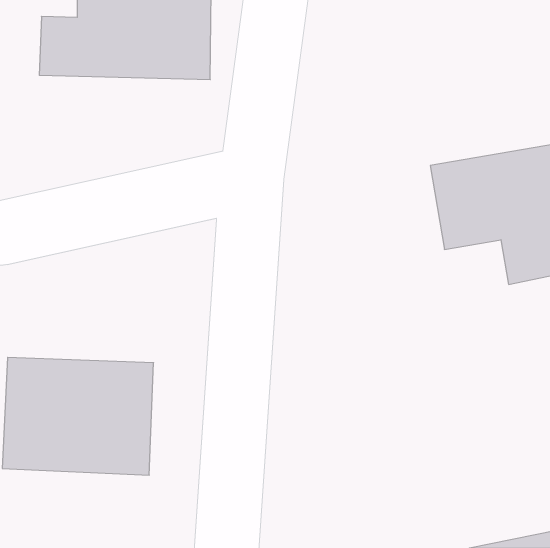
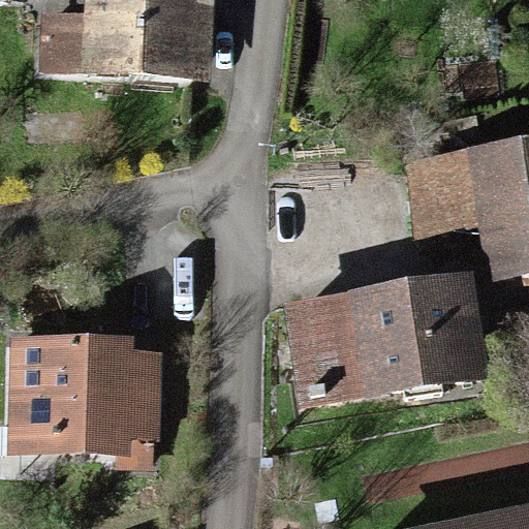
building: none -> [294,273,480,405]

